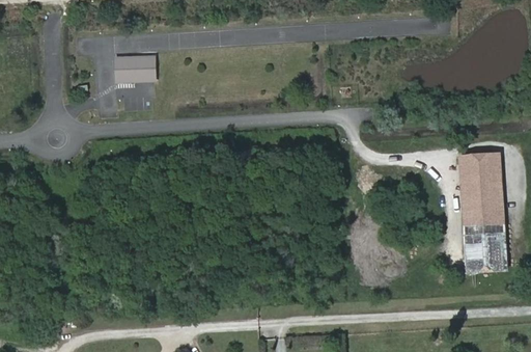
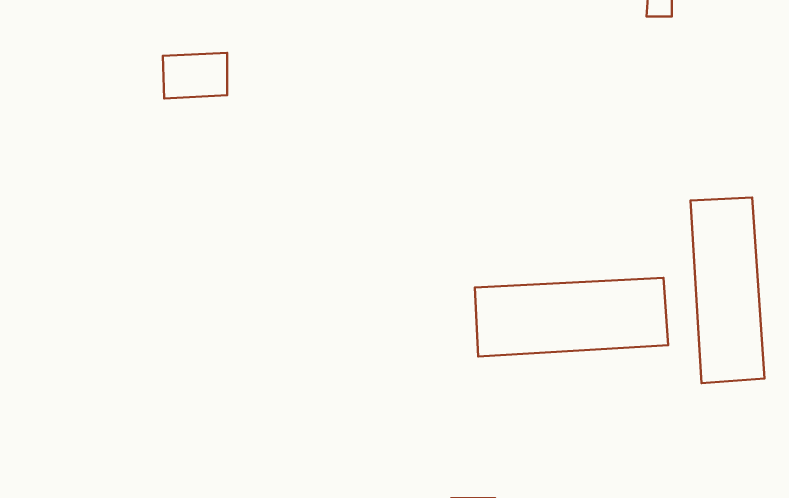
building: none -> [475,278,668,357]

